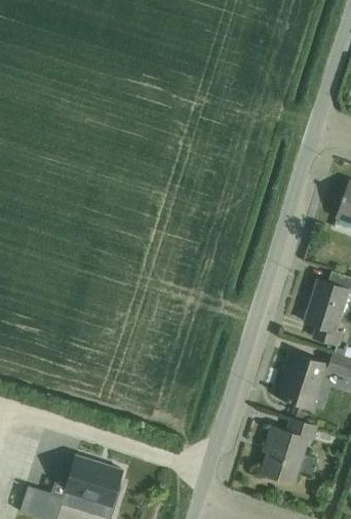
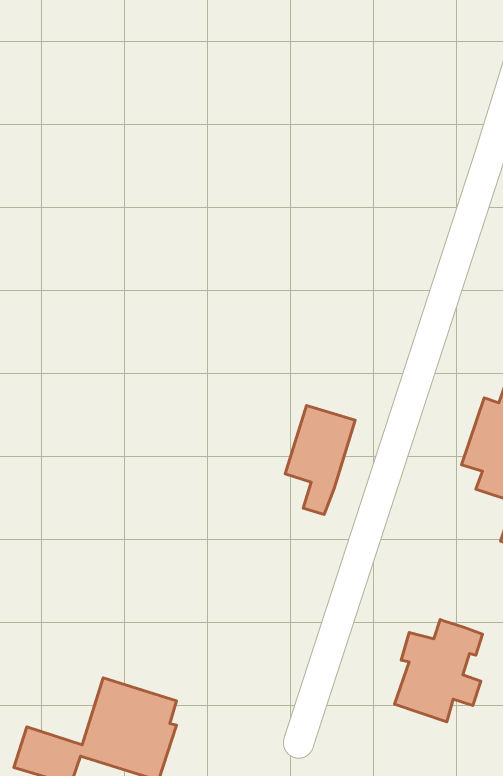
building: [279,355,323,424] -> [285,406,355,515]

